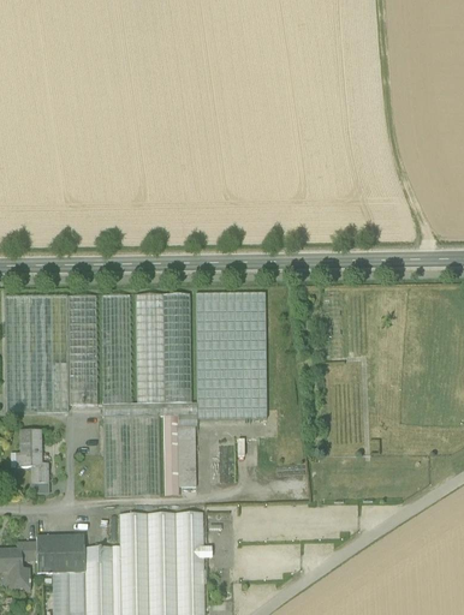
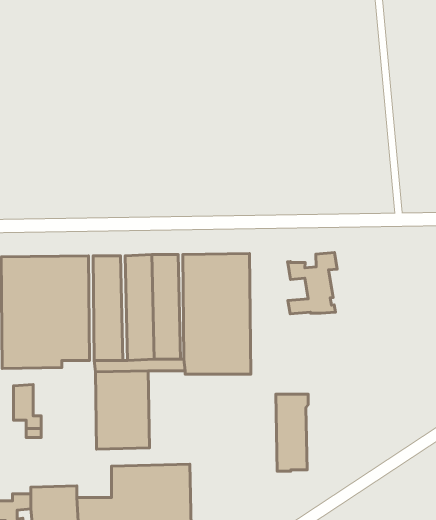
building: none -> [288,253,337,314]
building: [163,414,197,495] -> [276,394,308,471]

